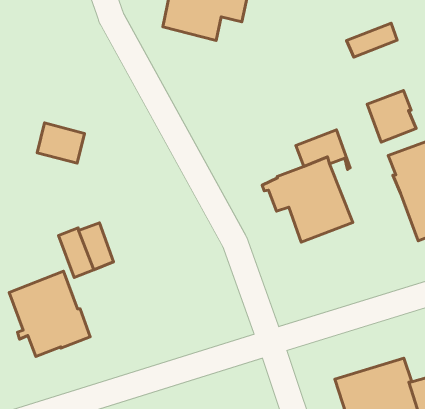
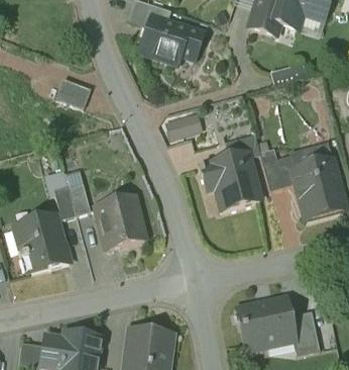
building: [367,91,416,142] -> [263,156,296,190]
building: none -> [167,111,206,136]
building: [37,123,85,163] -> [56,78,91,108]
building: none -> [96,196,145,249]

